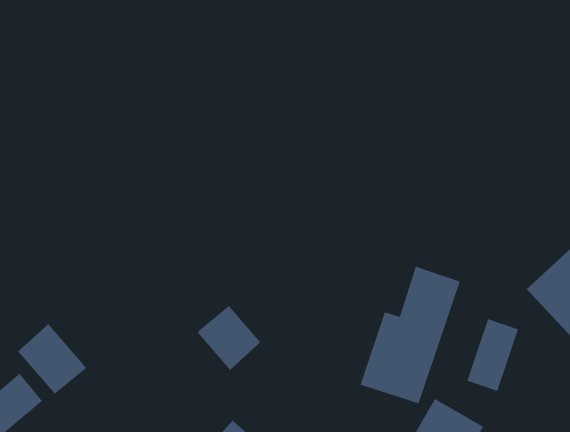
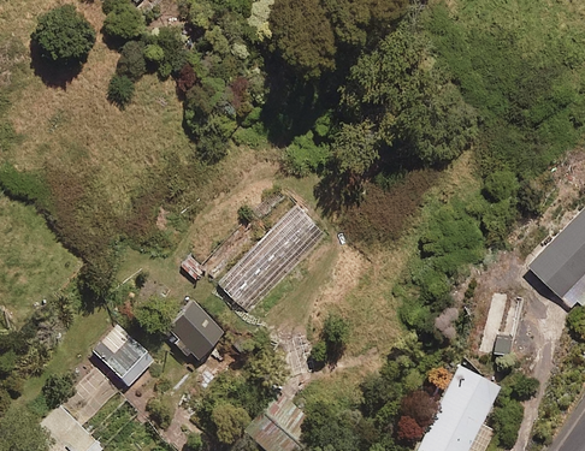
building: [360,266,461,404] -> none
building: [196,305,261,371] -> [167,303,224,360]

